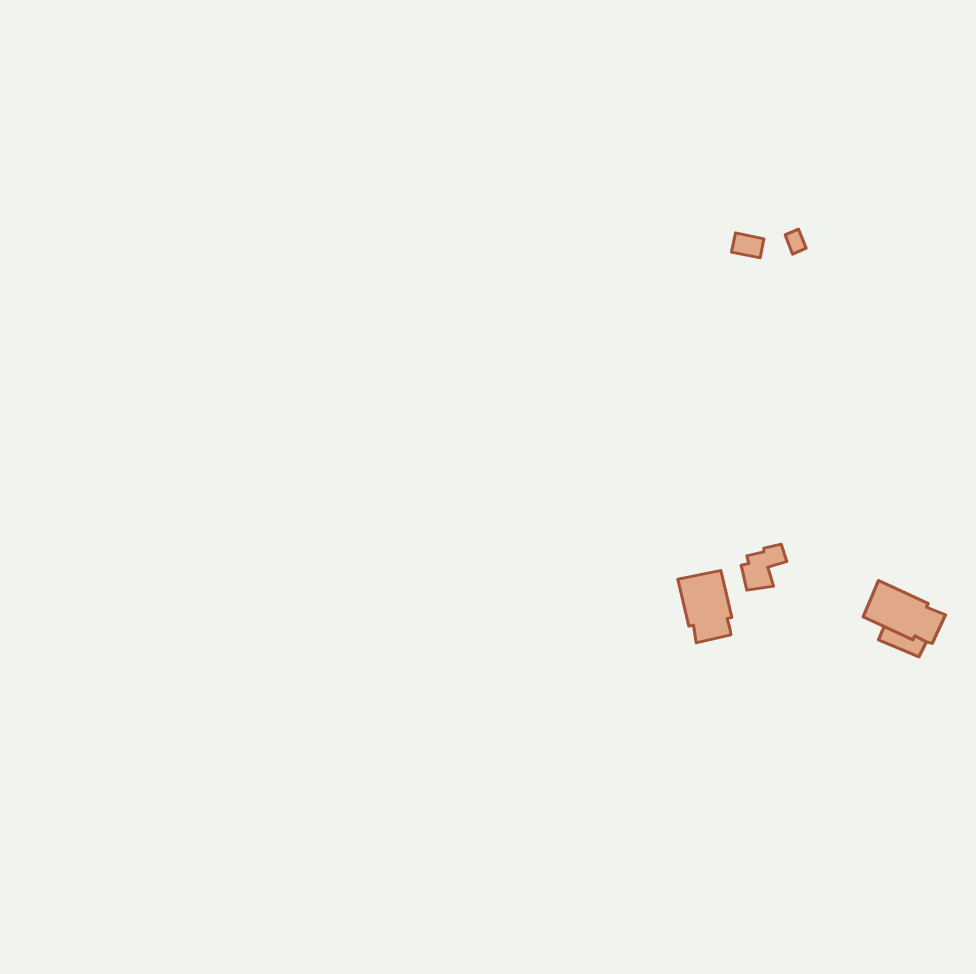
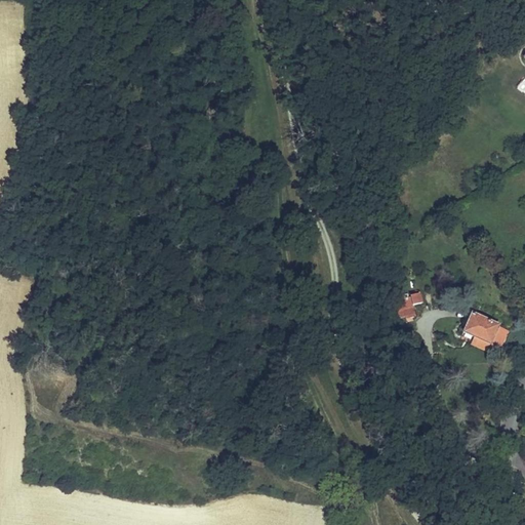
building: [678,570,732,643] -> none

